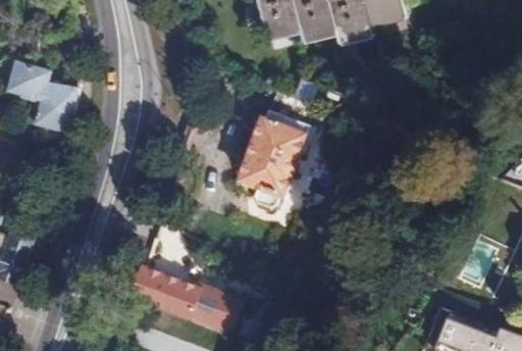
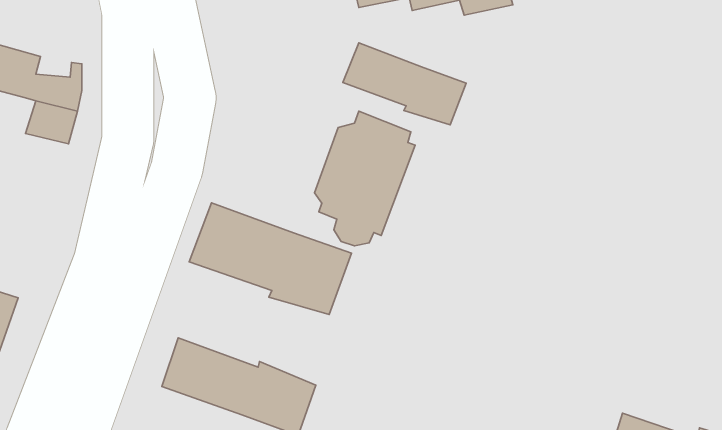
building: none -> [343,43,466,125]
building: none -> [189,203,352,315]

